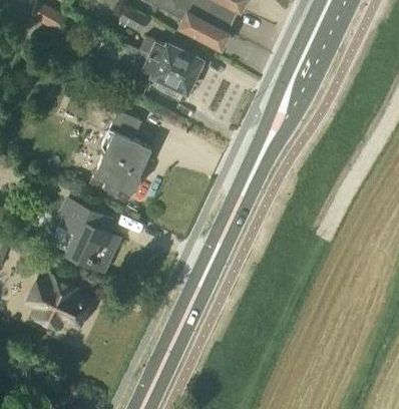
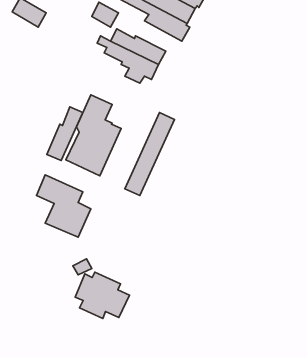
building: none -> [47,107,83,160]
building: none -> [125,113,174,196]
building: [27,275,88,327] -> [75,272,129,318]

